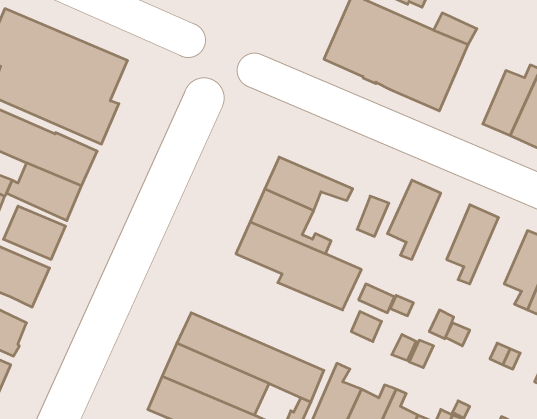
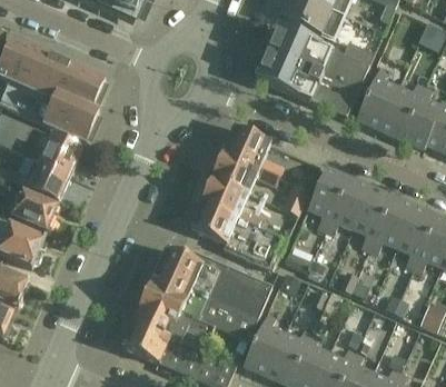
building: none -> [356,63,396,126]
building: none -> [221,125,283,176]
building: none -> [324,179,368,234]
building: none -> [368,198,413,254]
building: none -> [153,246,270,316]

